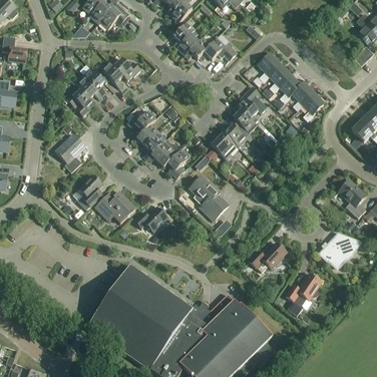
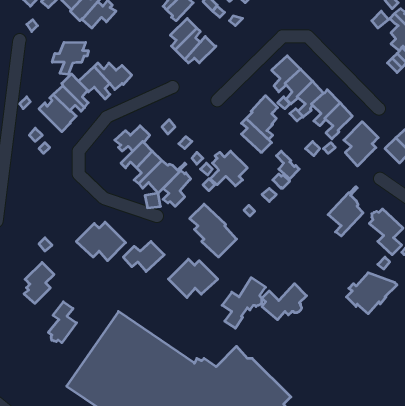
building: [197,37,237,60] -> none
building: none -> [52,42,88,74]
building: none -> [344,122,378,166]
building: [224,118,248,146] -> none
building: [54,133,85,172] -> none
building: none -> [328,187,363,236]
building: [77,174,102,209] -> [24,262,54,303]
building: none -> [168,259,218,298]
building: none -> [48,302,77,343]
building: [285,273,321,315] -> [222,278,266,328]

